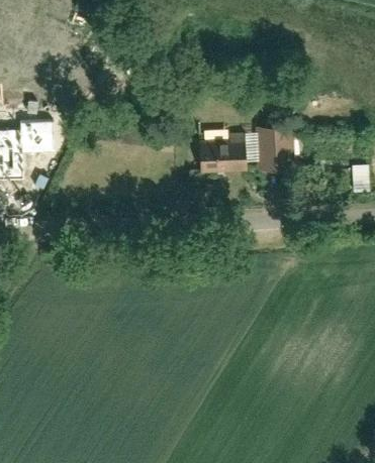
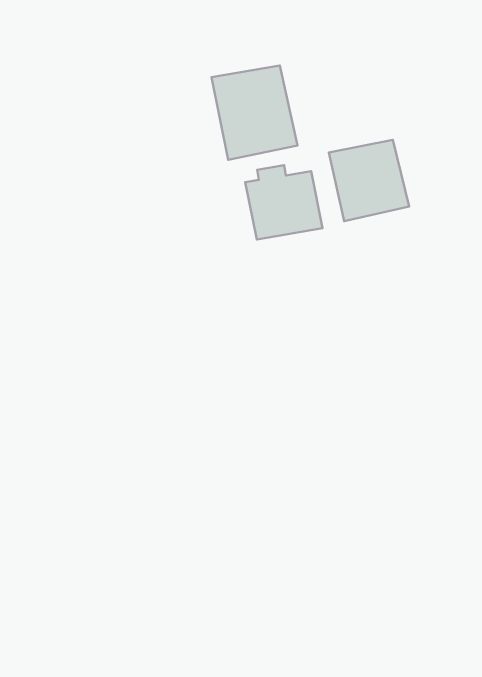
building: none -> [212,66,298,160]

